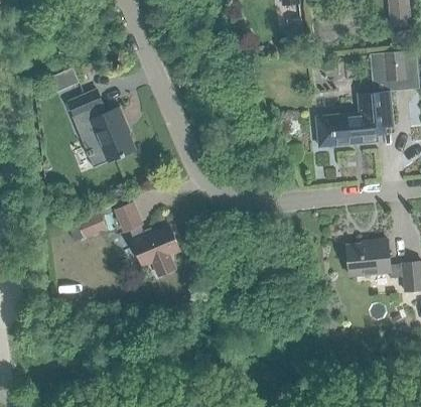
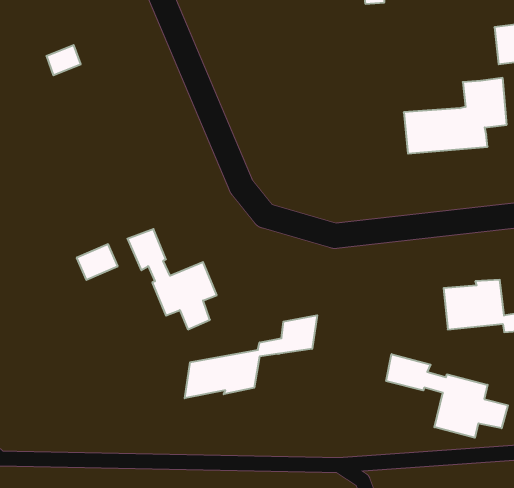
building: [67,90,135,167] -> none
building: none -> [185,315,317,398]
building: none -> [386,354,508,438]

